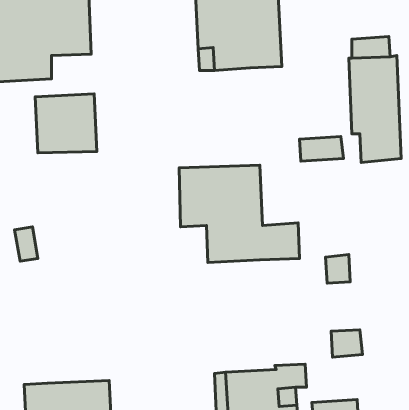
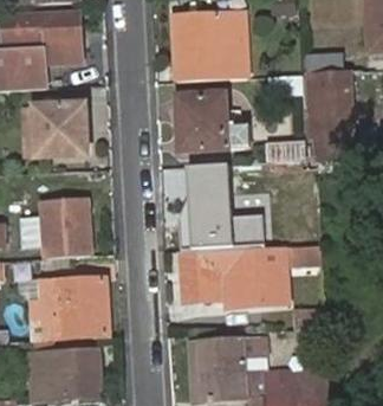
building: none -> [180,96,241,149]
building: none -> [38,192,90,257]
building: none -> [183,244,284,301]
building: none -> [38,277,105,337]

